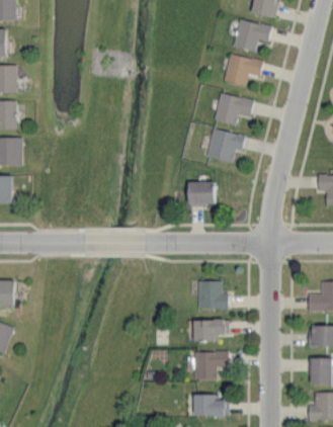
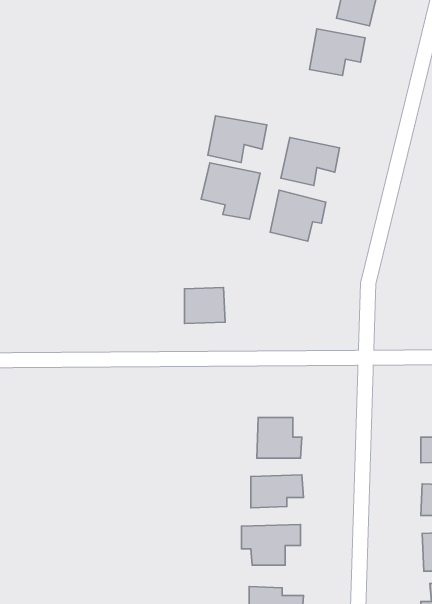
building: [224,55,263,86] -> [208,116,267,163]
building: none -> [201,163,260,219]
building: [187,182,215,206] -> [184,287,225,324]

